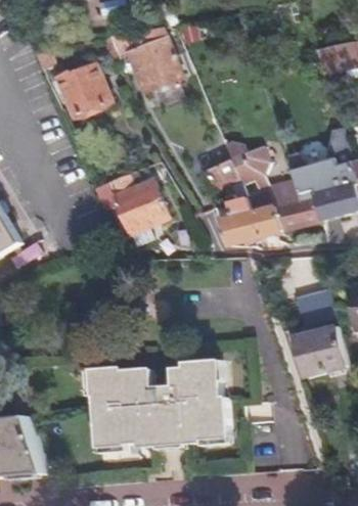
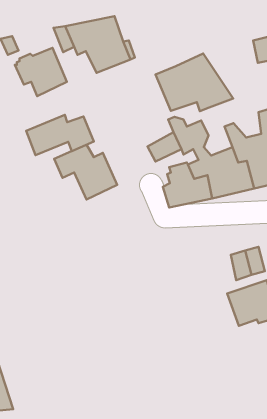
building: none -> [156,53,233,111]
building: none -> [26,115,94,155]
building: [90,365,228,449] -> none

